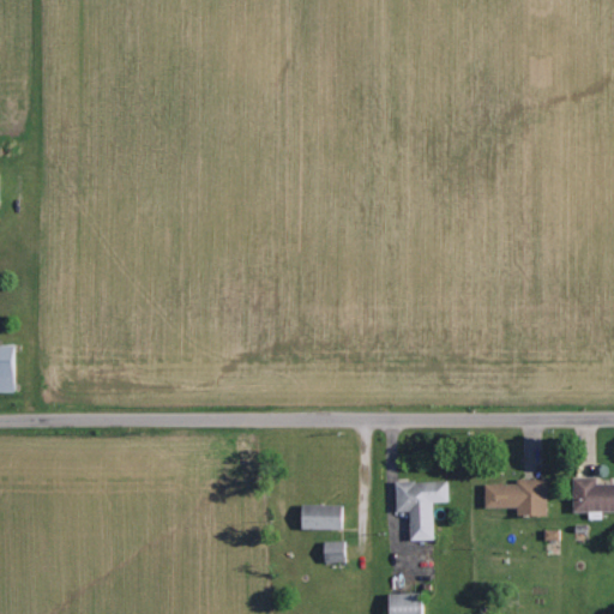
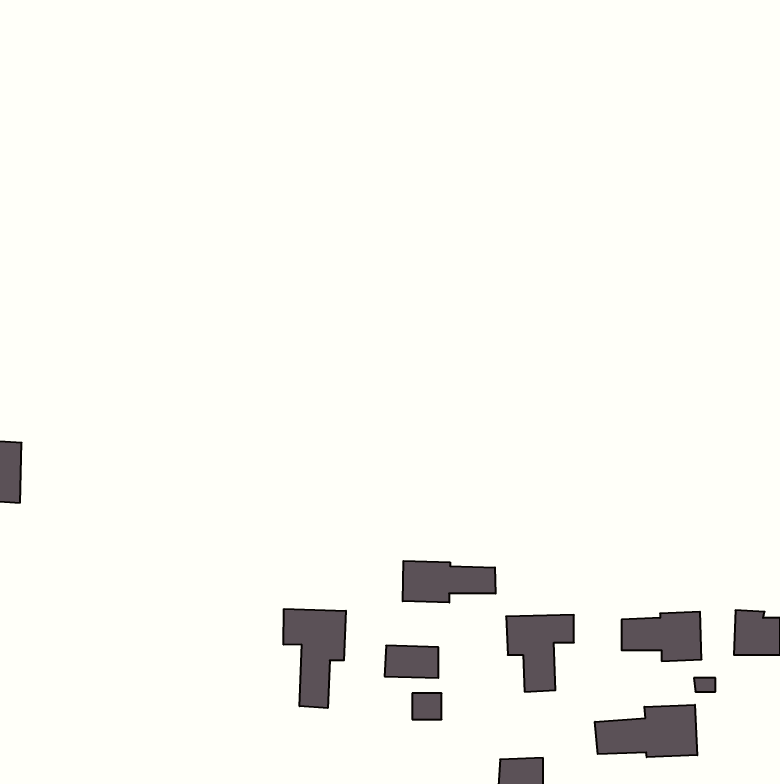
building: none -> [403,561,496,603]
building: none -> [284,609,346,708]
building: none -> [595,705,697,757]

